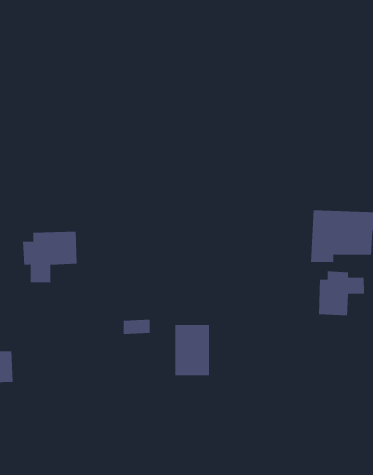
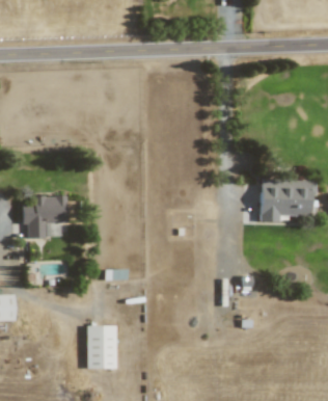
building: [318,271,364,316] -> none
building: [174,324,210,376] -> [87,326,116,369]

